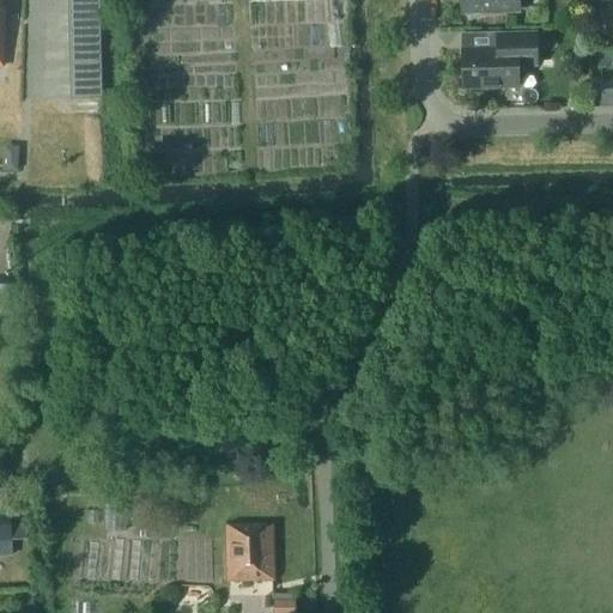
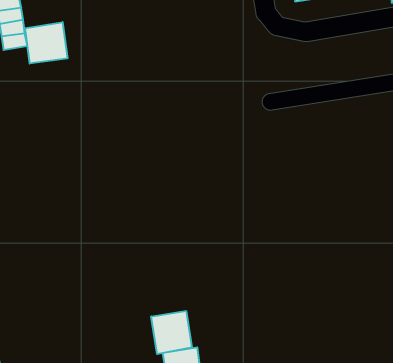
building: none -> [25,22,67,64]
building: none -> [151,311,192,354]

